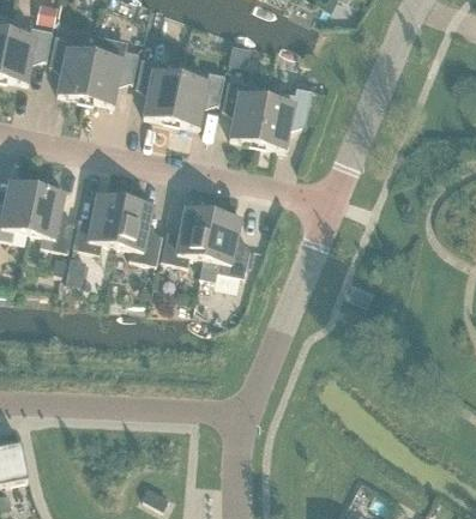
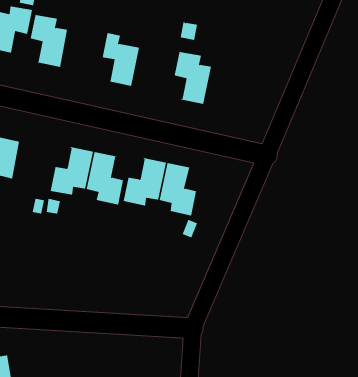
building: [85,47,138,103] -> none
building: [170,70,224,125] -> none
building: [257,84,327,147] -> none
building: [28,186,73,249] -> none

